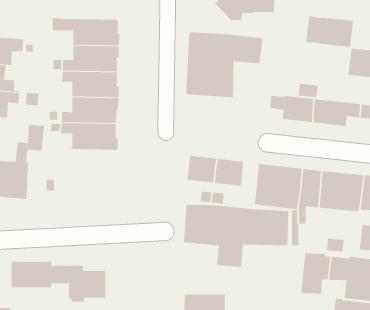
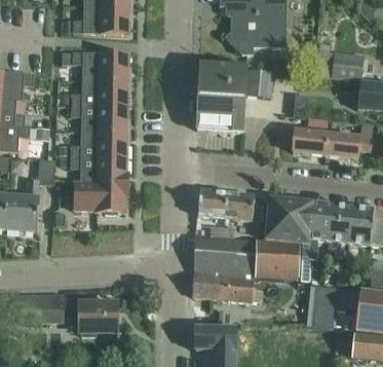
building: none -> [75,182,129,212]
building: none -> [193,276,229,298]

